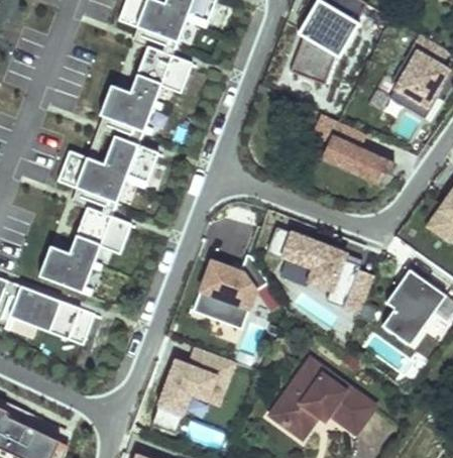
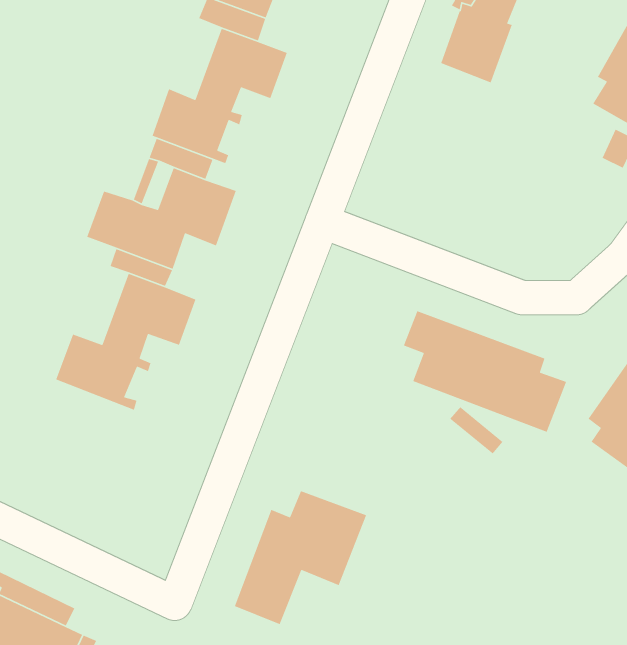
building: [325,134,395,187] -> none
building: [191,254,265,333] -> none
building: [10,292,92,345] -> none
building: [271,356,376,434] -> none

